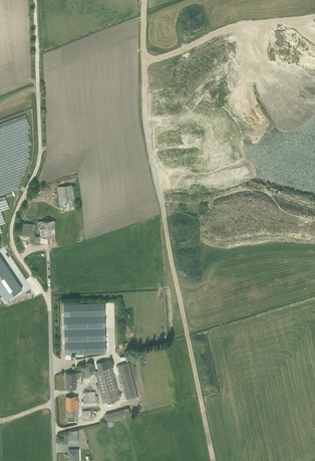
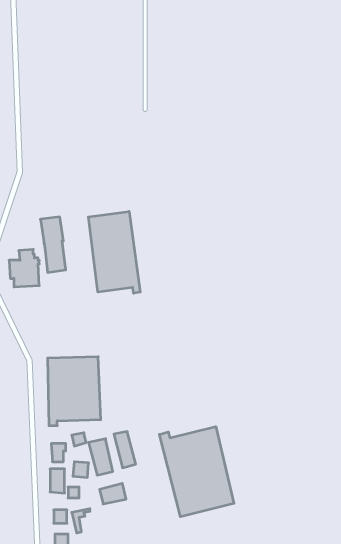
building: none -> [88,211,140,293]
building: none -> [159,427,234,517]

